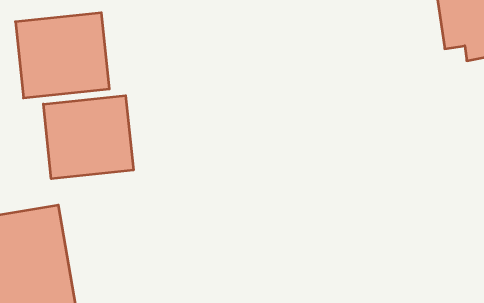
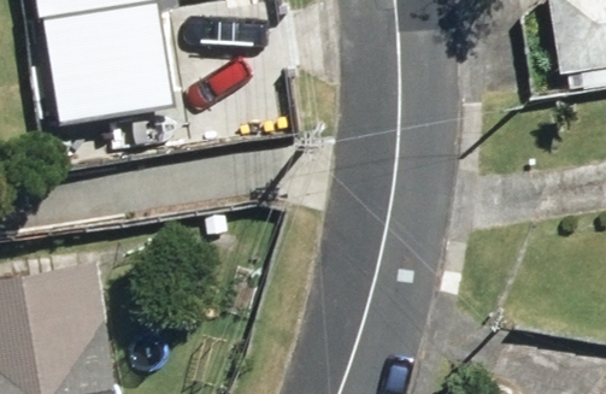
building: [43,96,133,179] -> none

